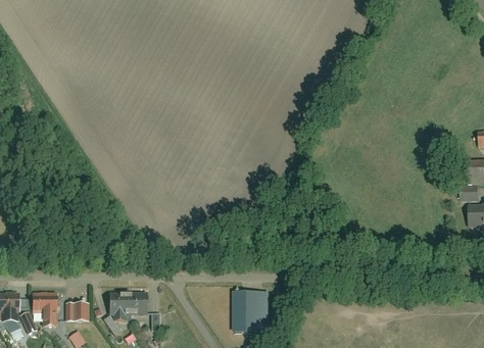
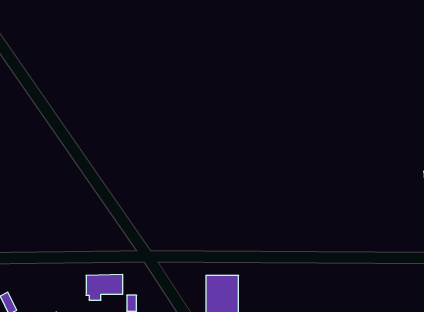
building: [33,293,56,327] -> none
building: [65,303,89,320] -> none

